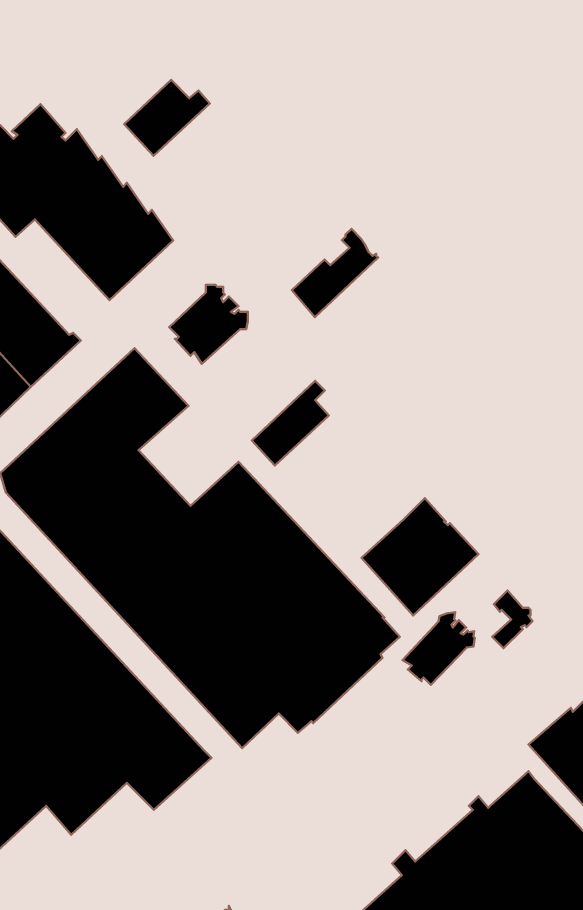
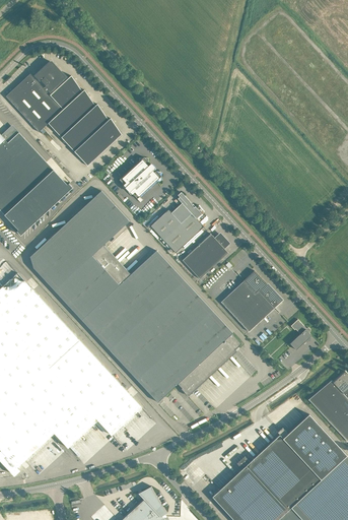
building: [124,80,210,156] -> none
building: [292,229,378,317] -> [150,193,196,240]
building: none -> [182,234,227,279]
building: [403,612,475,685] -> none

